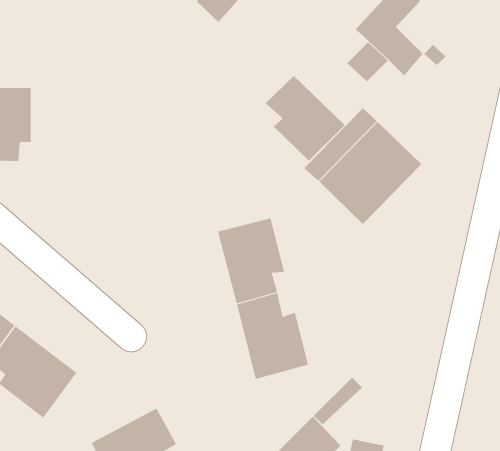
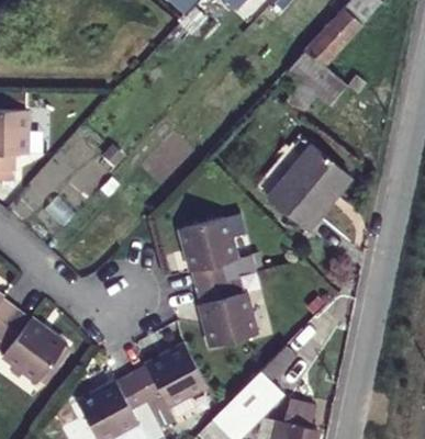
building: [265,75,346,162] -> none
building: none -> [131,344,205,404]

